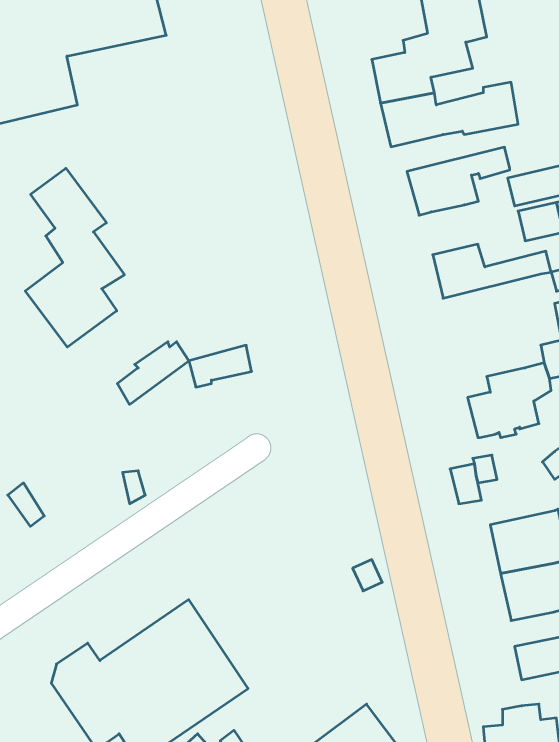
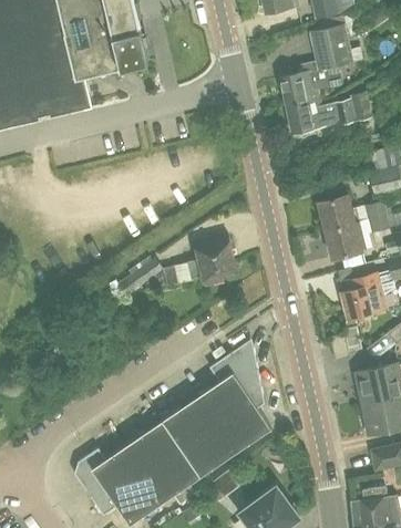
building: [407,147,510,215] -> [325,214,390,257]
building: [25,168,124,347] -> none
building: none -> [195,235,236,284]
building: none -> [163,339,271,477]

